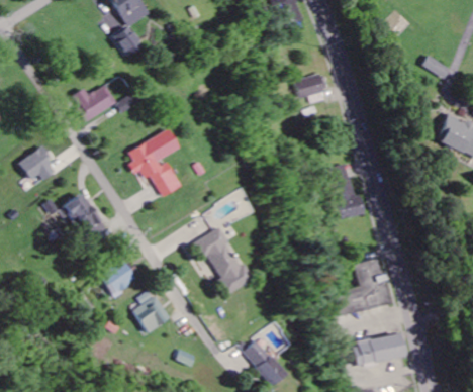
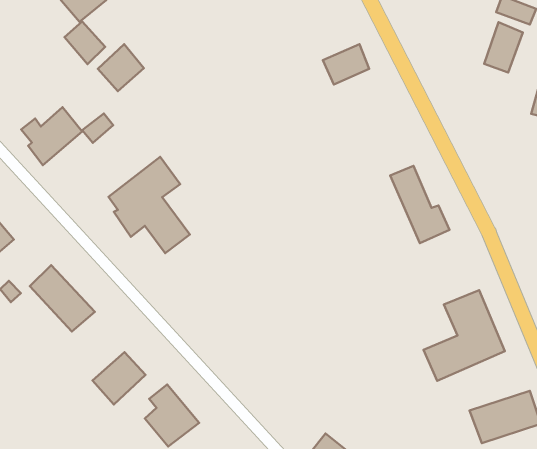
building: none -> [98,44,144,91]
building: none -> [484,22,523,73]
building: [196,227,252,293] -> none

